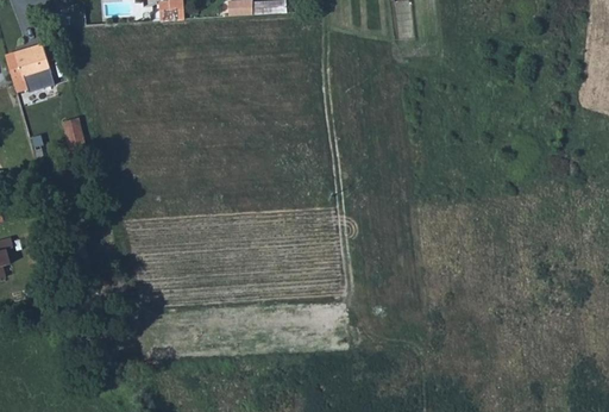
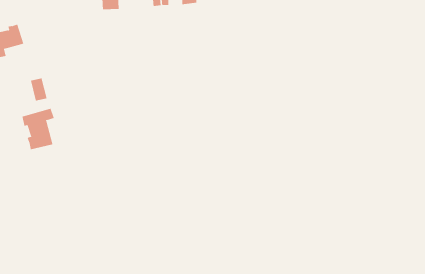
building: none -> [22,108,54,150]

